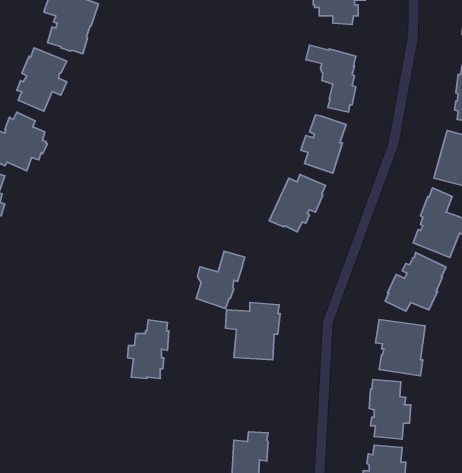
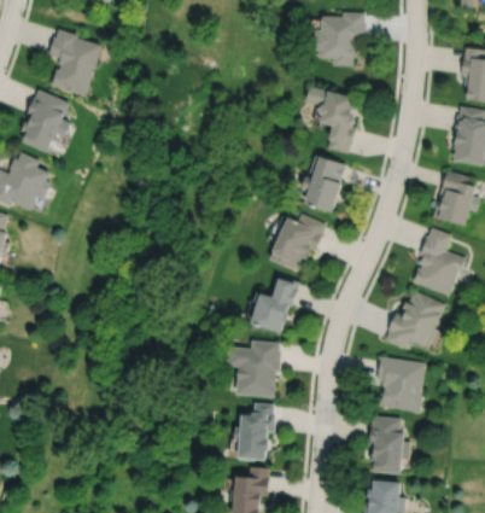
building: [196,251,245,308] -> [252,276,300,333]
building: [127,320,169,378] -> [234,403,275,461]

